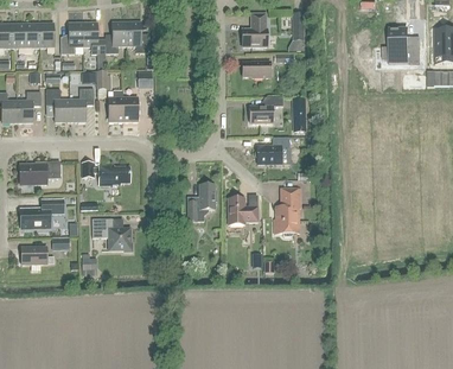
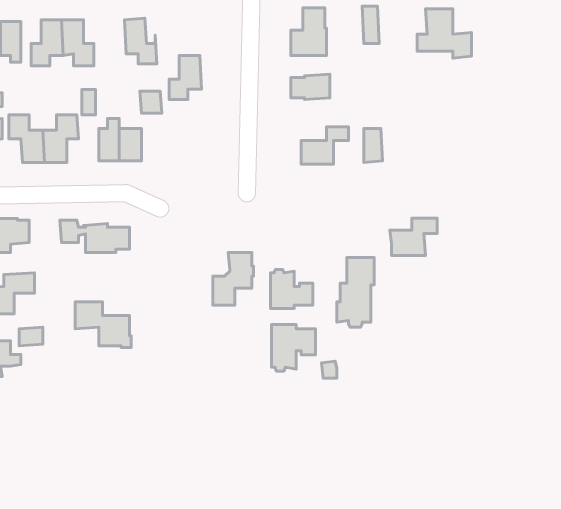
building: [104,21,127,52] -> [169,55,201,100]
building: [382,28,420,63] -> [417,9,471,58]
building: [256,136,289,163] -> [390,218,437,256]
building: none -> [271,325,315,371]

